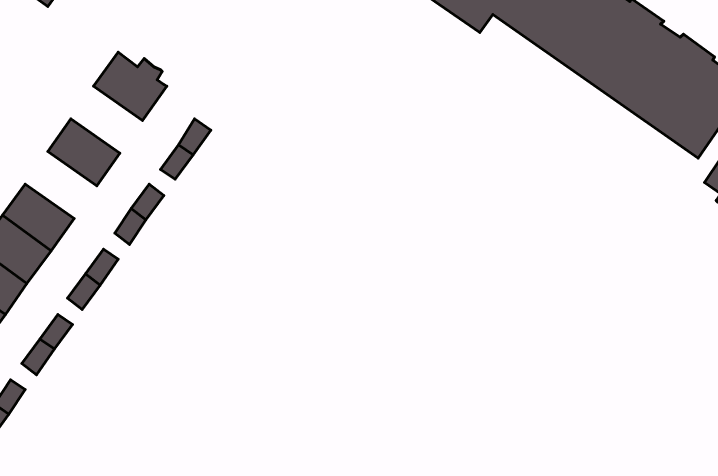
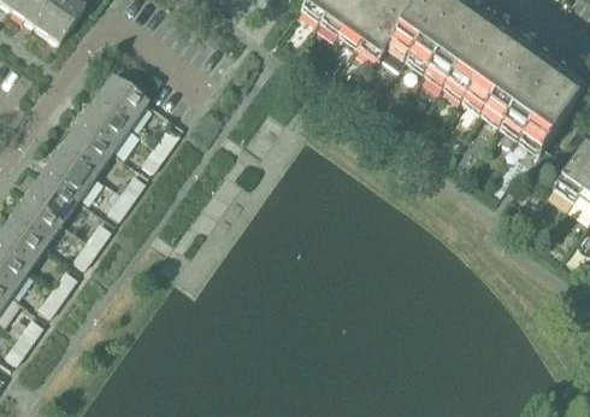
building: none -> [77,100,130,149]
building: none -> [43,148,96,198]

